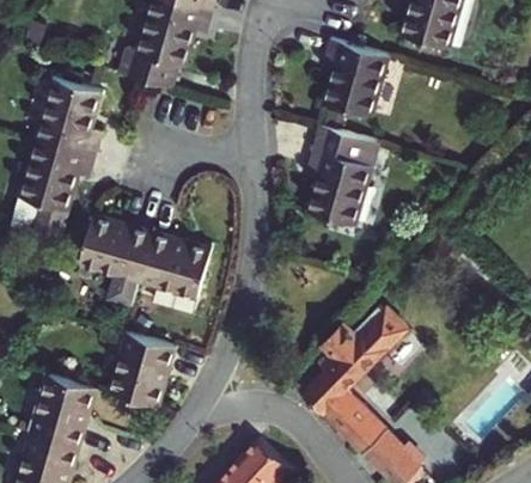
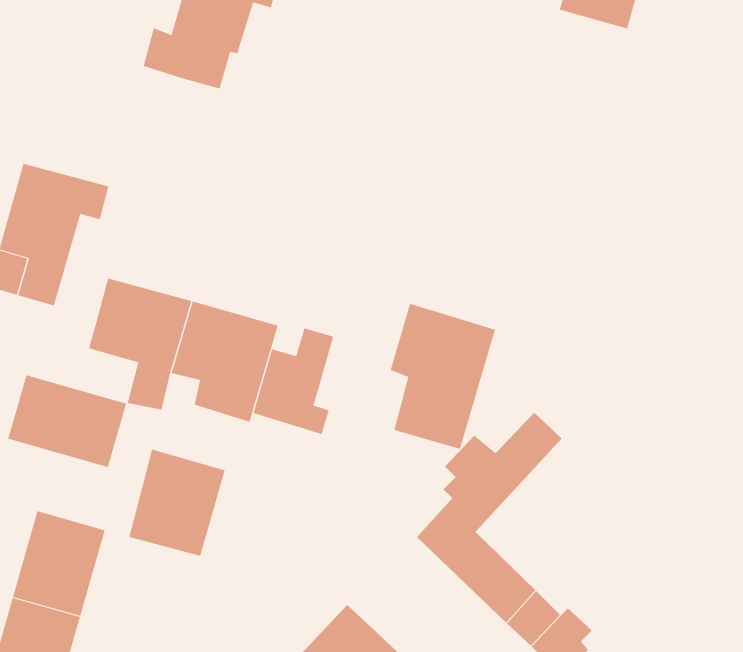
building: [323,41,386,116] -> none
building: [37,81,102,155] -> none
building: [305,127,377,226] -> [390,303,496,449]
building: none -> [253,328,334,435]
building: none -> [7,374,127,468]

